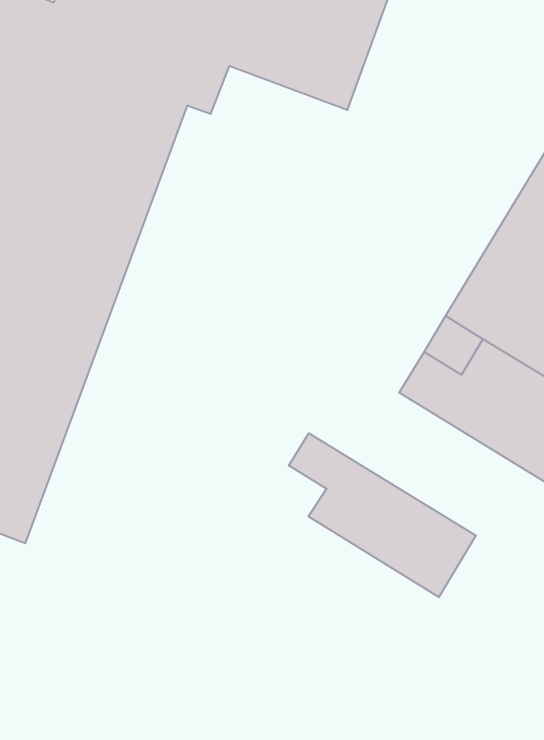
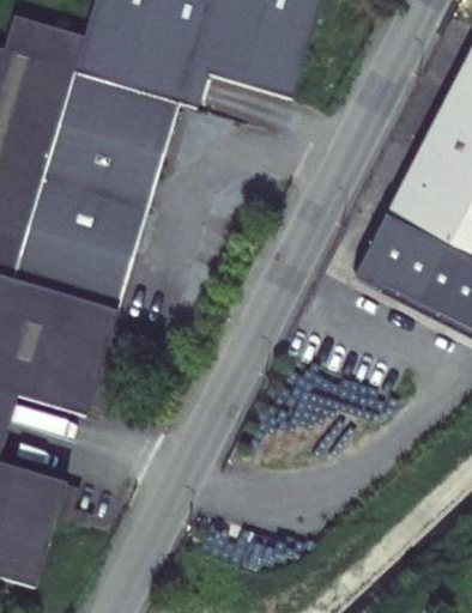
building: [289,433,476,597] -> none

